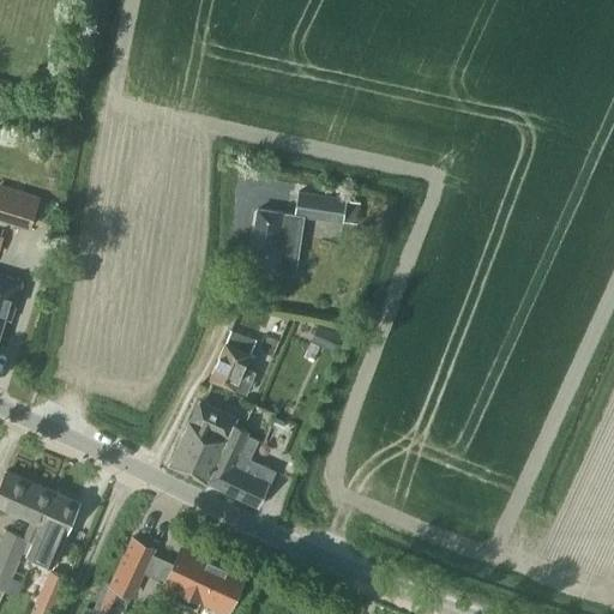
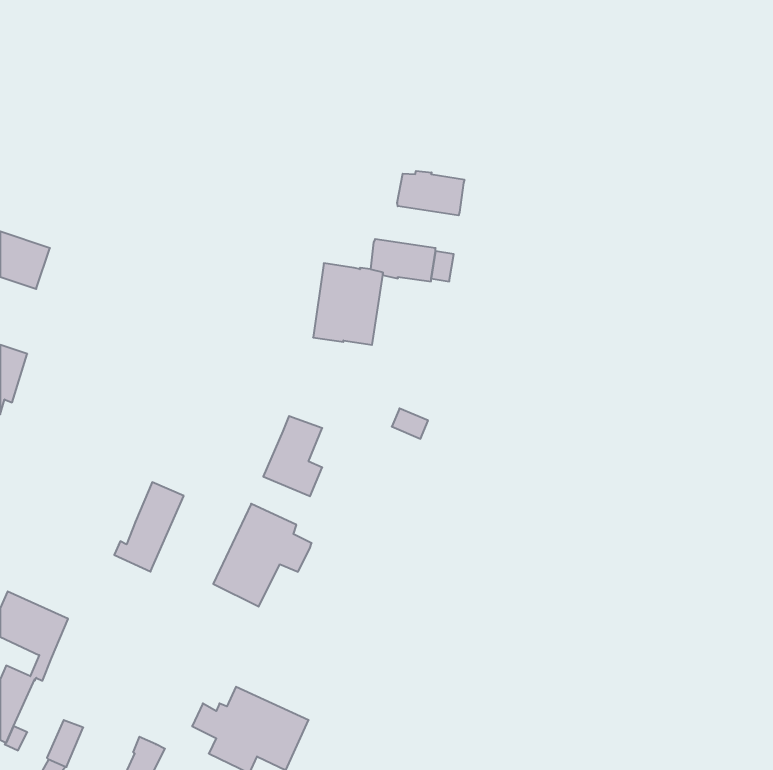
building: none -> [397,171,464,215]
building: [205,437,275,508] -> none
building: [24,493,79,564] -> [114,482,184,572]
building: [110,541,152,596] -> none

